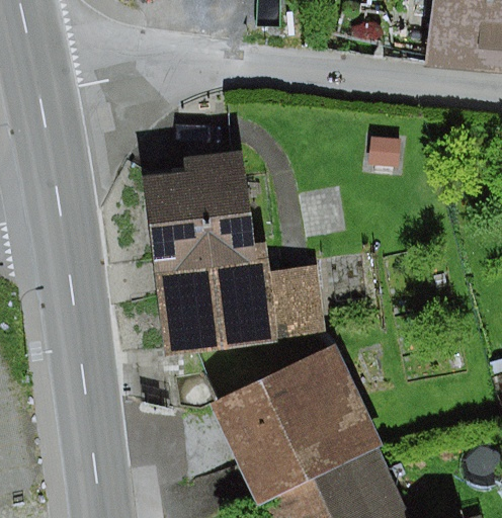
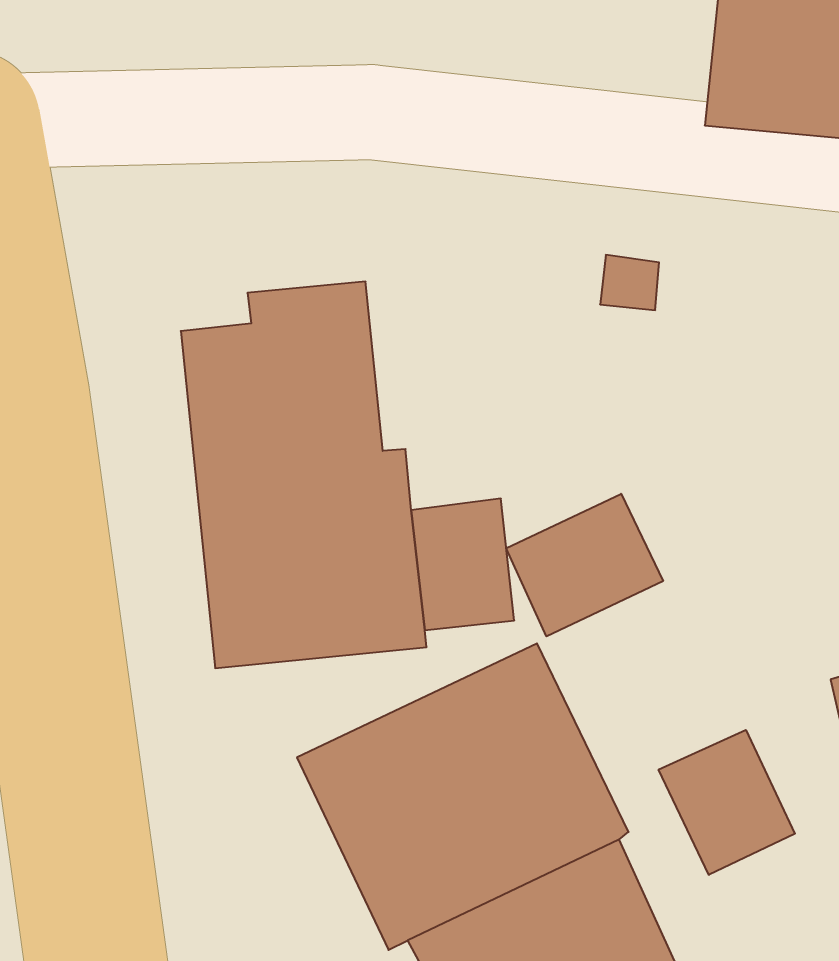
building: none -> [506,494,663,636]
building: none -> [659,730,795,875]

